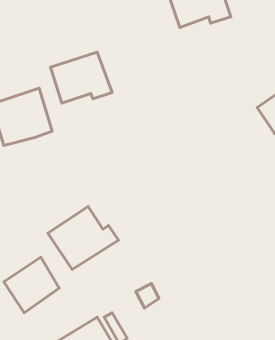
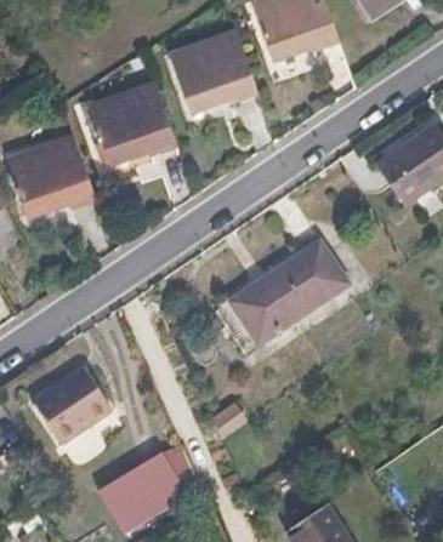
building: none -> [174,35,260,108]
building: none -> [229,243,347,344]
building: [48,206,119,269] -> none

